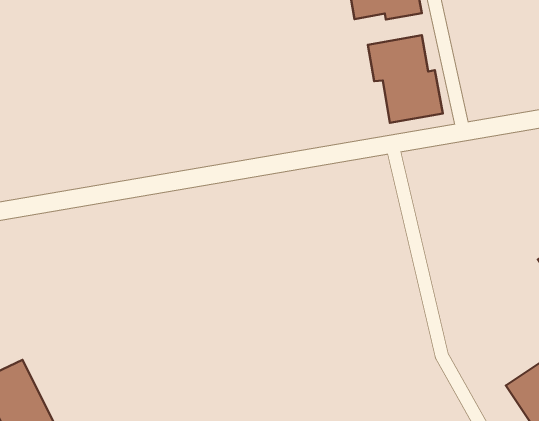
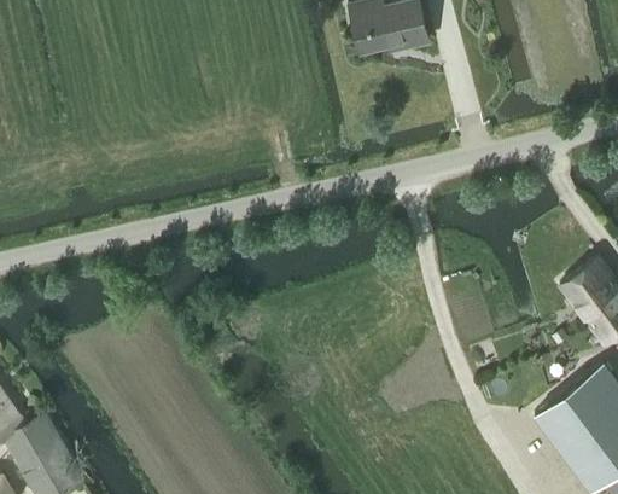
building: [368,35,443,123] -> none

